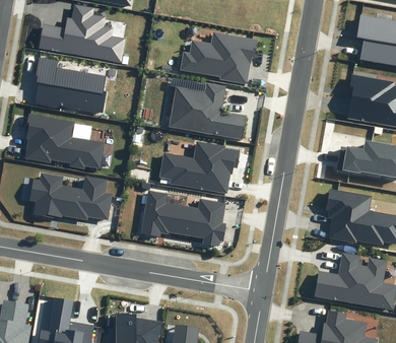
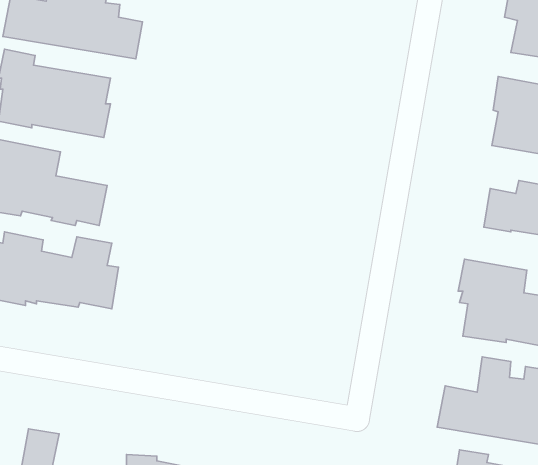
building: [179,31,257,83] -> none
building: [169,83,245,139] -> none
building: [158,140,239,194] -> none
building: [140,190,226,247] -> none

